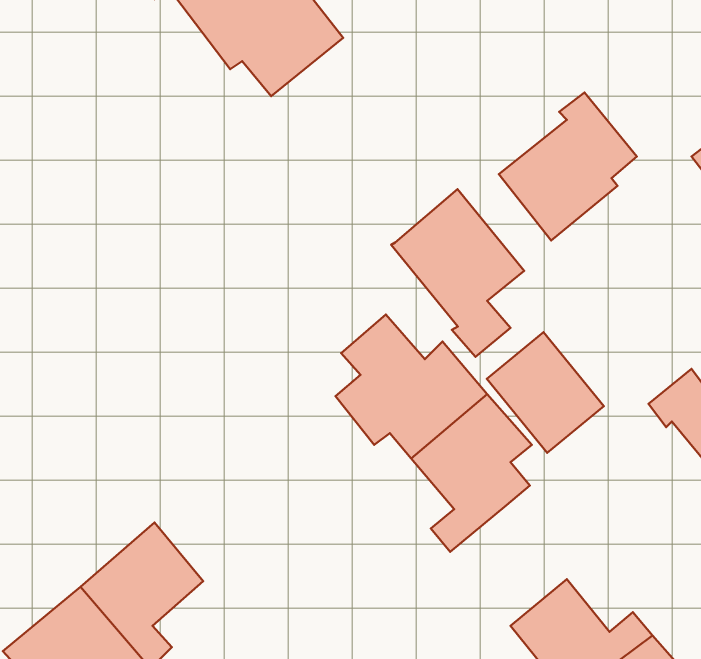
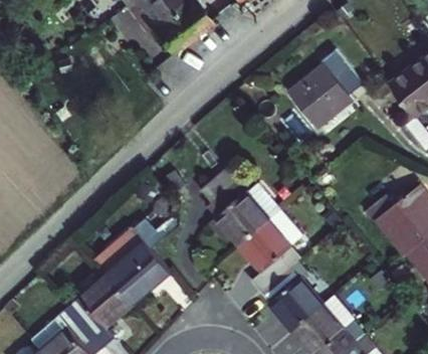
building: [391,189,524,357] -> none
building: [487,332,604,453] -> [264,266,325,328]
building: none -> [95,226,168,305]

